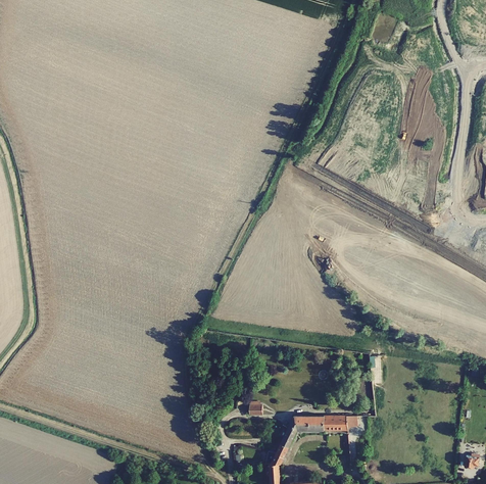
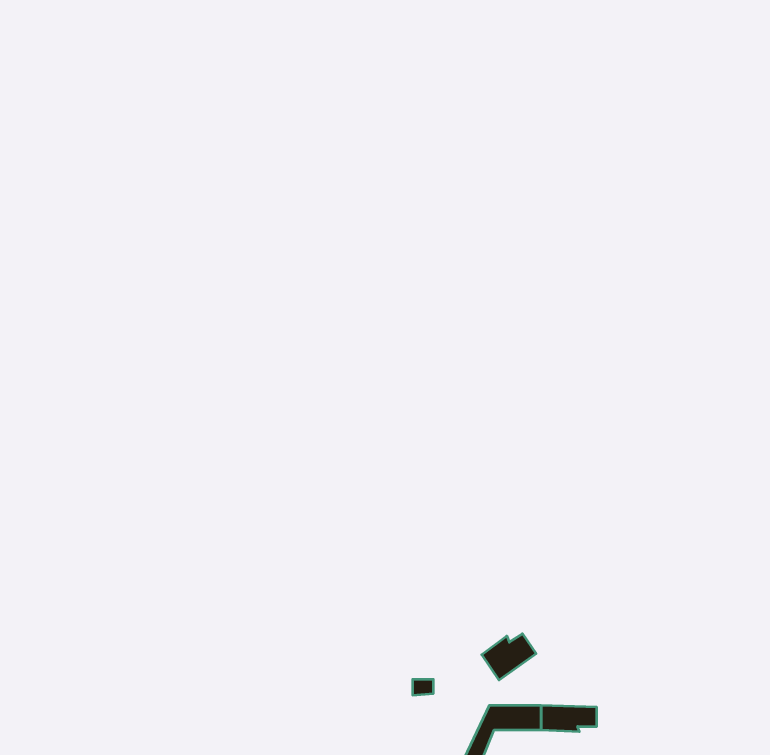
building: none -> [482,634,536,680]

